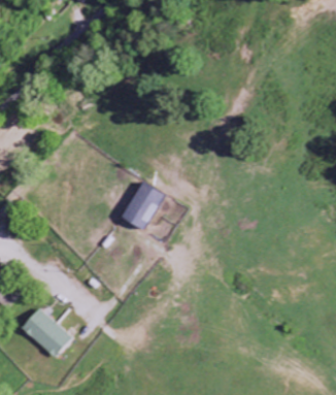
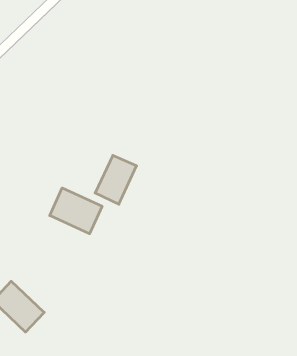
building: none -> [50,188,102,234]

